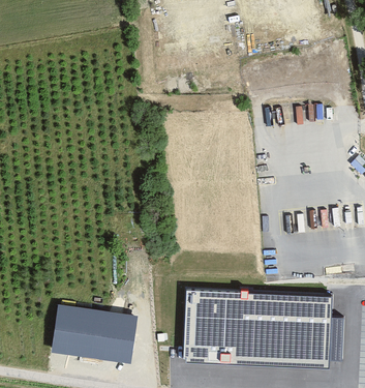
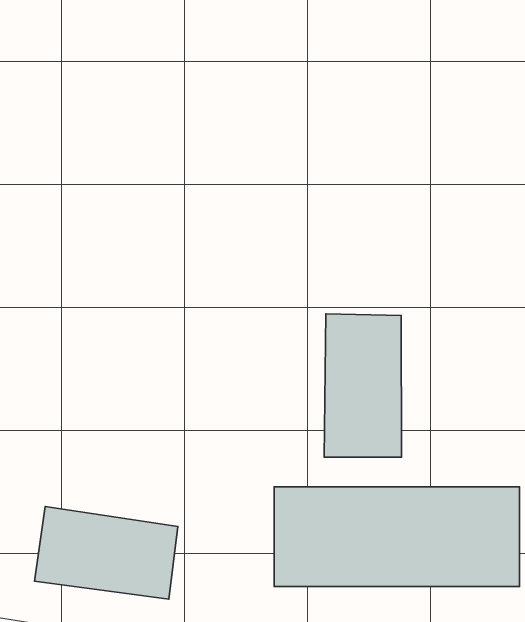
building: none -> [324,314,402,457]

